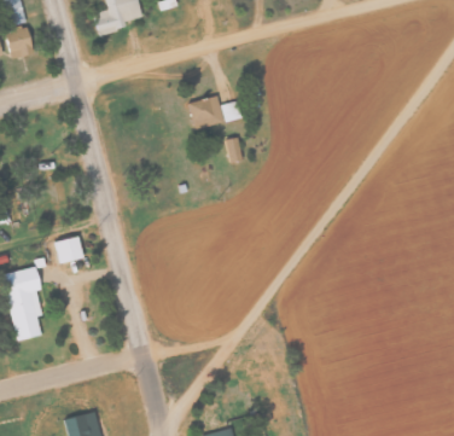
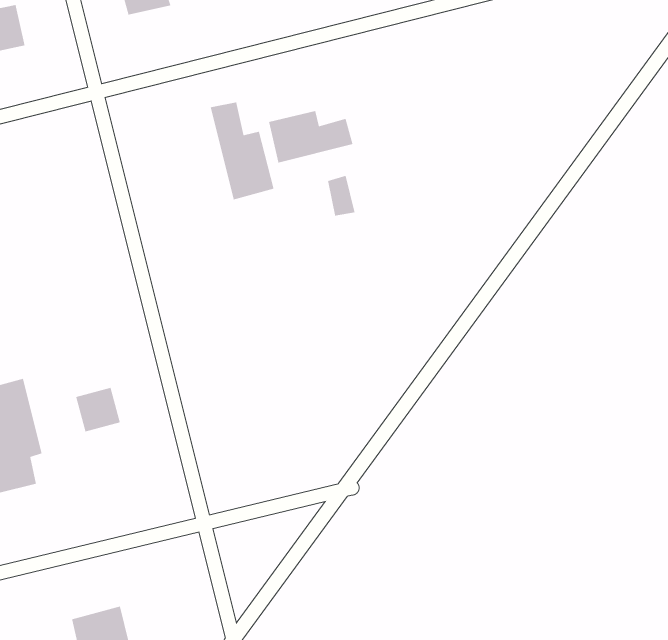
building: none -> [210,101,274,200]
building: [54,234,83,263] -> [75,387,121,432]

